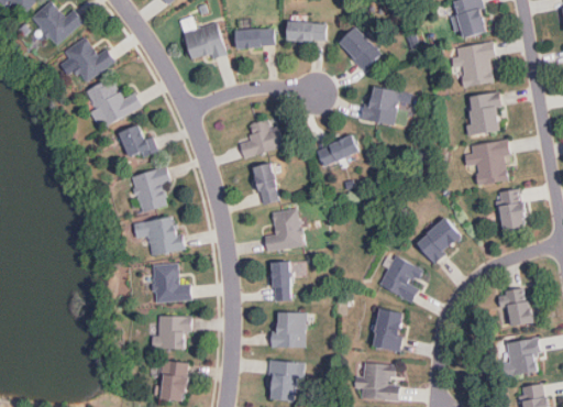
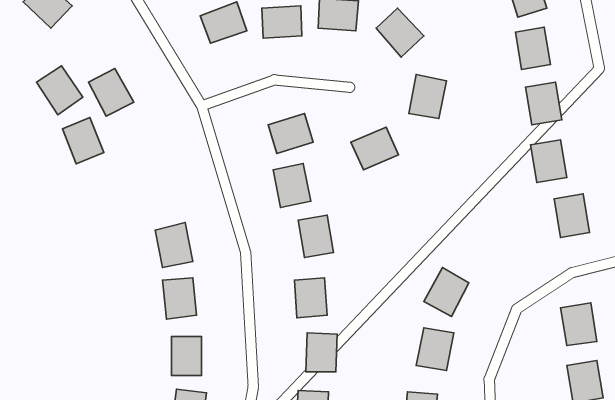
building: [65,38,106,81] -> [36,66,83,115]
building: [118,121,154,162] -> [62,118,104,164]
building: [130,172,165,211] -> none
building: [418,222,461,265] -> none

